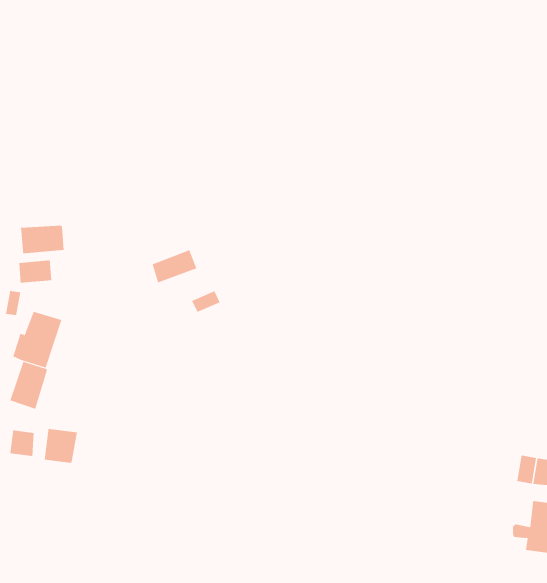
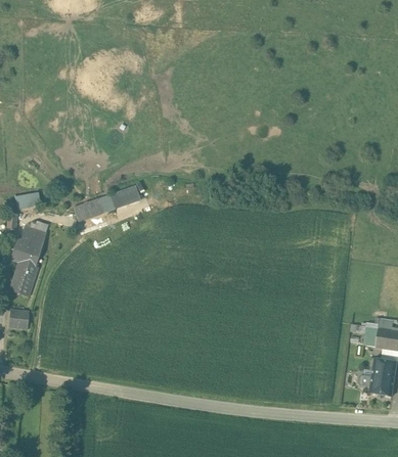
building: [20,225,64,254] -> none
building: none -> [73,197,103,220]
building: [44,428,77,464] -> none

